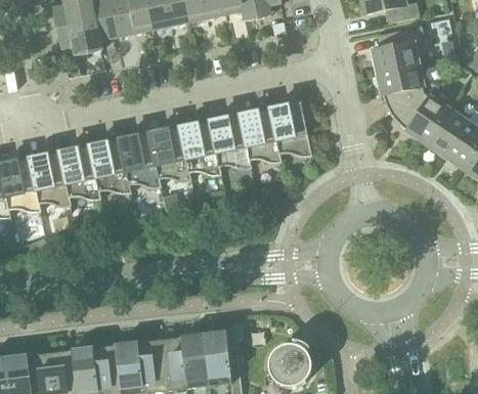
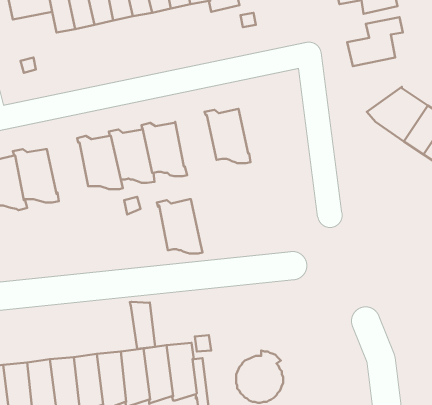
building: [57,19,100,54] -> none
building: [377,62,423,114] -> none
building: [268,100,311,156] -> none
building: [208,117,251,168] -> [157,199,203,254]
building: [88,142,131,192] -> none
building: none -> [130,302,155,349]

